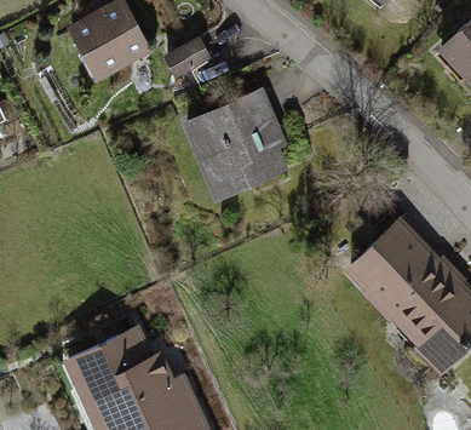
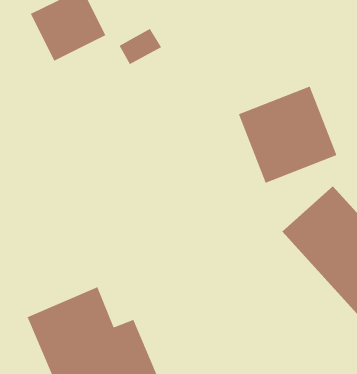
building: [180,93,291,202] -> [238,85,337,184]

